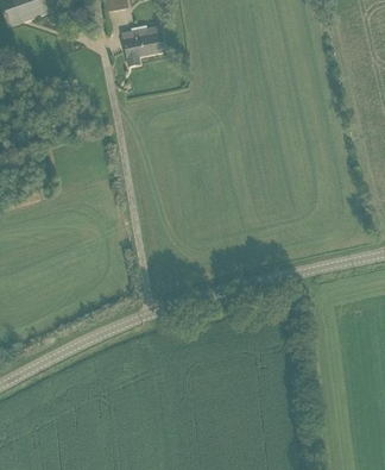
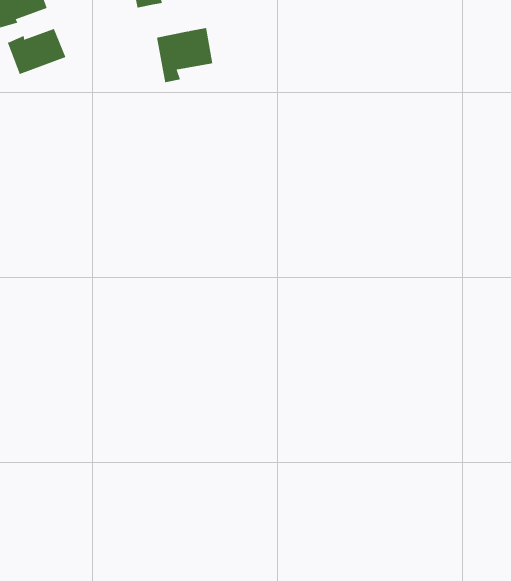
building: none -> [7,28,66,75]

